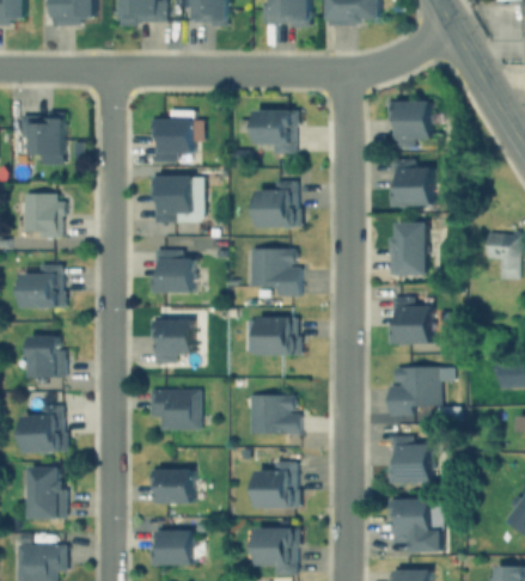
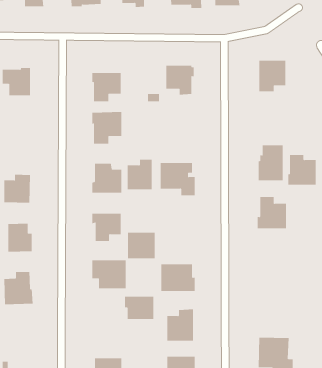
building: [390,160,432,204] -> [288,155,317,185]
building: [258,181,295,225] -> [127,159,152,190]
building: [24,195,62,238] -> none
building: [258,317,299,355] -> [127,232,155,259]
building: [391,368,439,415] -> none
building: [389,438,433,483] -> none
building: [29,467,66,521] -> none
building: [151,470,194,503] -> [124,296,154,320]

